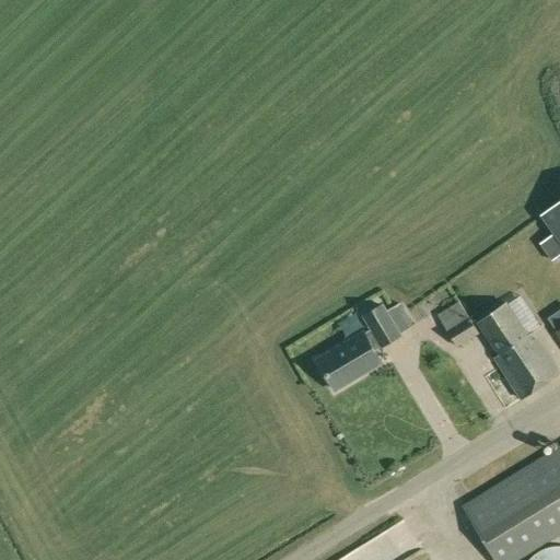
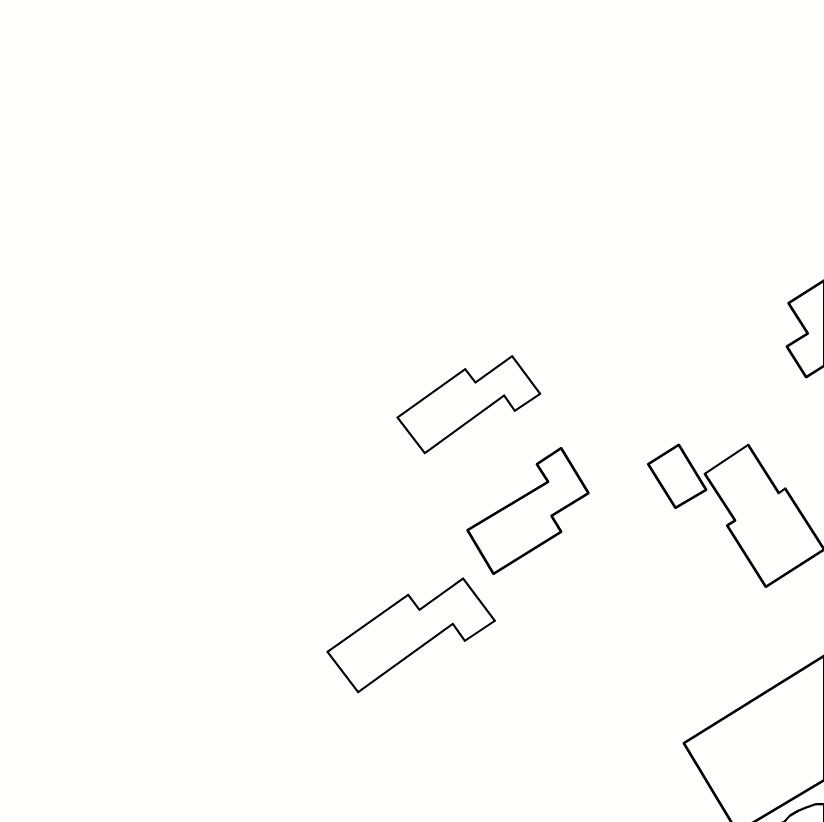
building: none -> [397,356,540,453]
building: none -> [327,579,495,692]

